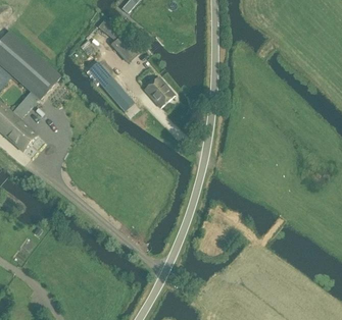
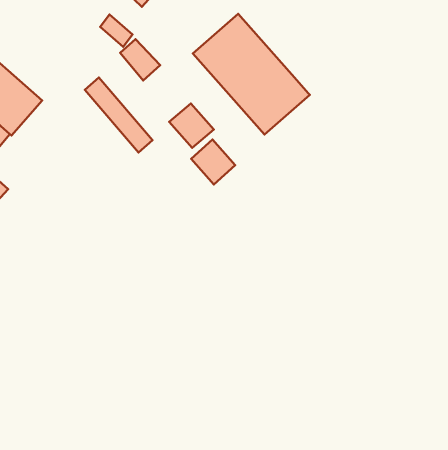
building: none -> [193,14,310,135]
building: none -> [191,139,235,184]

